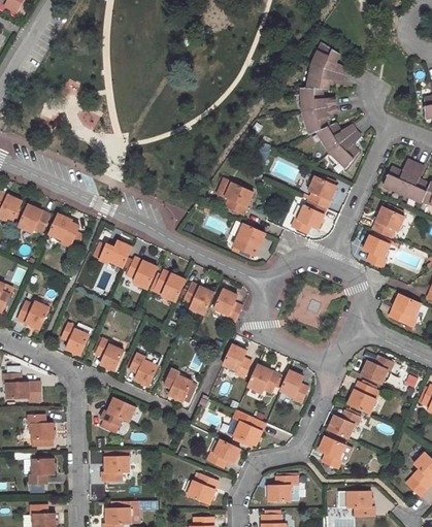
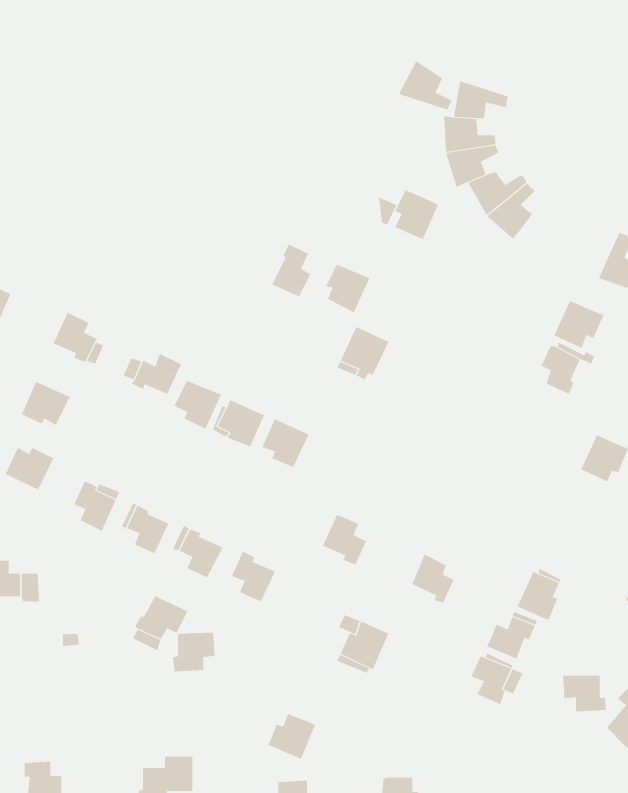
building: [310,42,345,74] -> [398,61,452,110]
building: [381,159,413,192] -> none
building: none -> [272,244,311,297]
building: [307,175,336,208] -> [394,189,439,240]
building: [18,204,49,233] -> [21,381,71,426]
building: [291,205,323,232] -> none
building: [213,290,241,322] -> none
building: [360,356,393,384] -> none
building: [247,365,279,393] -> none
building: [27,415,52,439] -> none
building: [206,439,239,467] -> none
building: [101,456,129,482] -> [172,632,215,672]
building: [29,459,54,484] -> none
building: [267,475,298,500] -> none
building: [345,492,374,516] -> [562,675,607,712]

